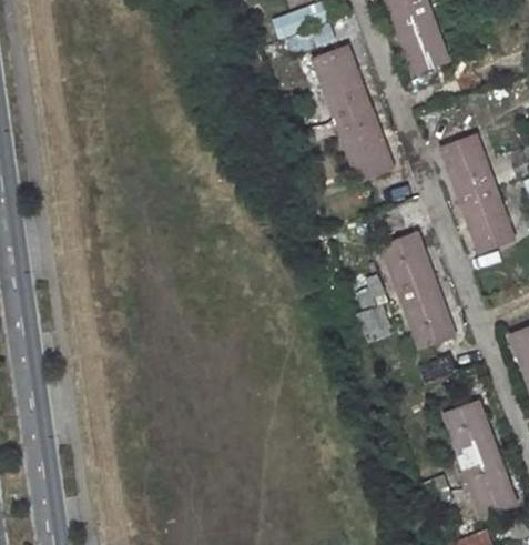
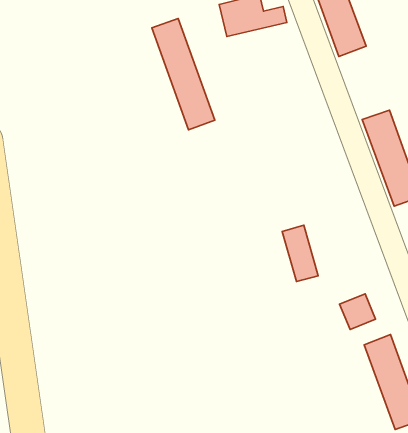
building: [318,54,393,185] -> [152,19,215,130]
building: [385,236,452,349] -> none

